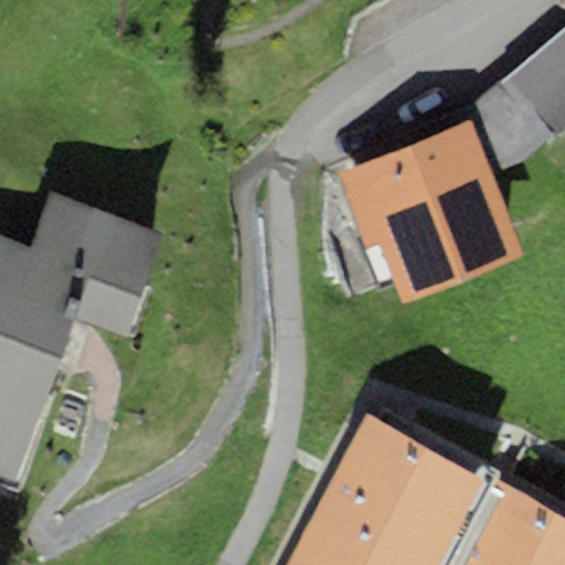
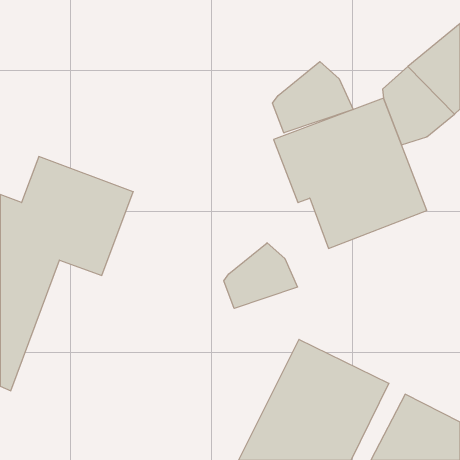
building: none -> [273,62,353,133]
building: none -> [224,243,298,308]

